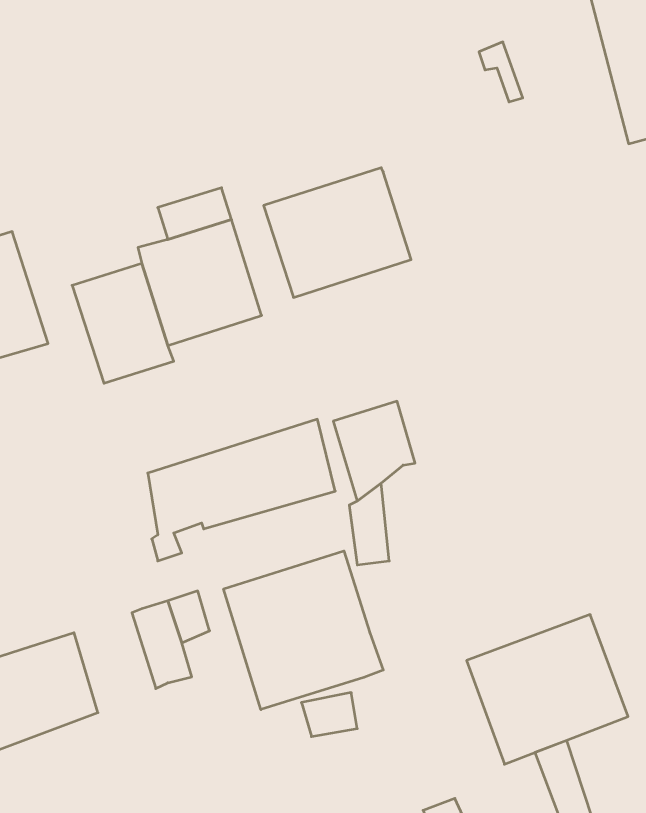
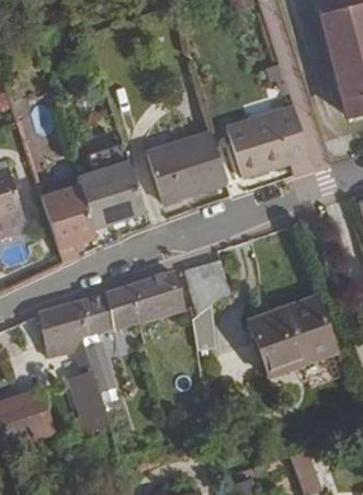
building: none -> [225,106,314,179]
building: none -> [39,300,88,346]
building: [224,551,383,710] -> none
building: [467,615,628,764] -> [248,296,337,378]

